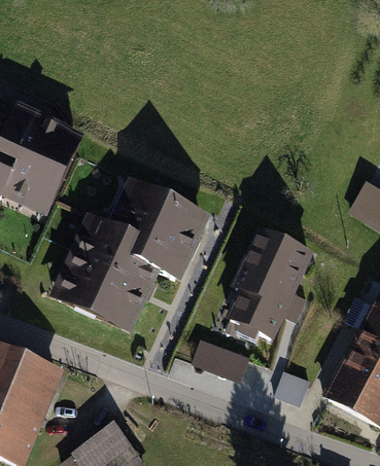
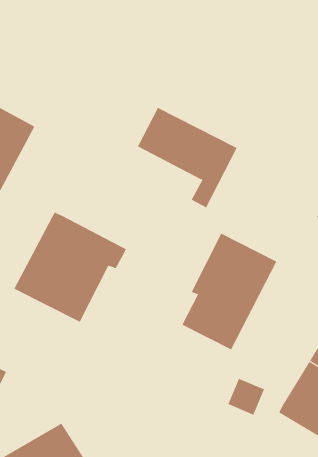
building: [106,184,203,279] -> [137,107,238,208]
building: [192,339,249,383] -> none

